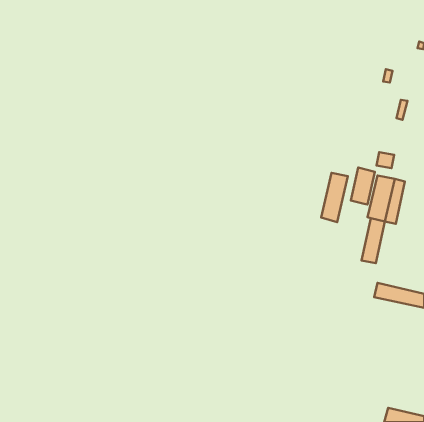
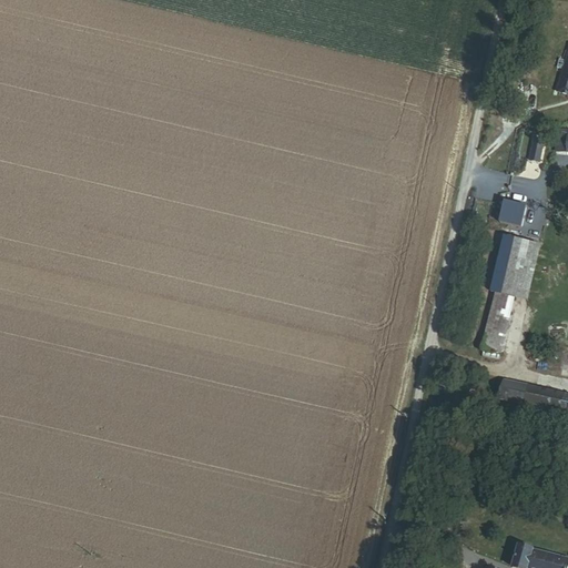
building: [351,168,375,204] -> none
building: [321,173,348,222] -> none

